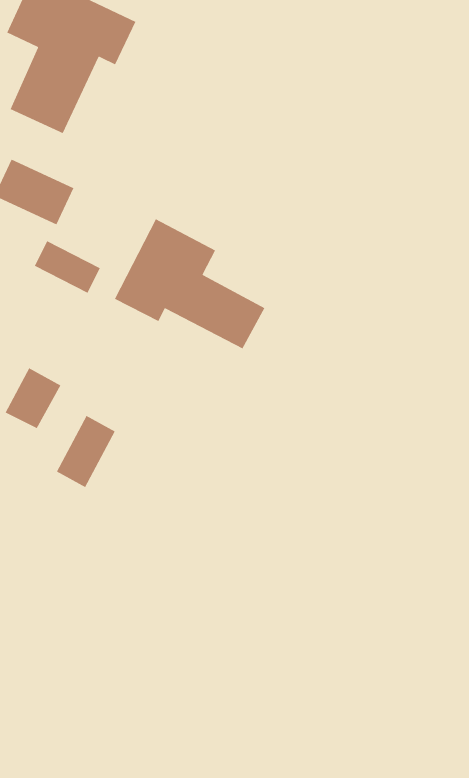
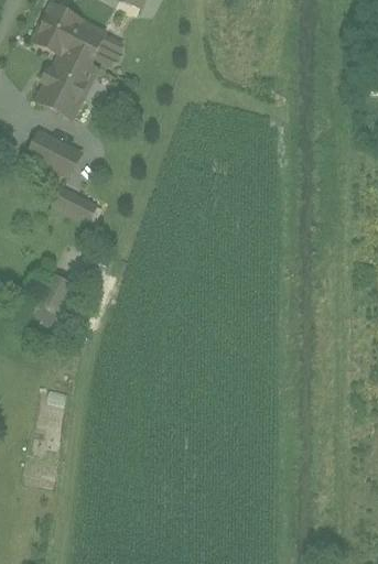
building: [114,218,266,350] -> none
building: [56,415,116,488] -> none

